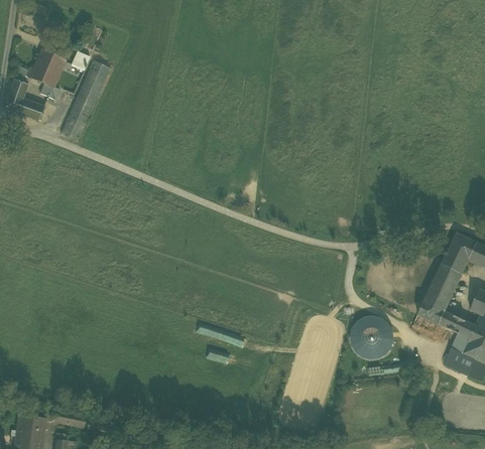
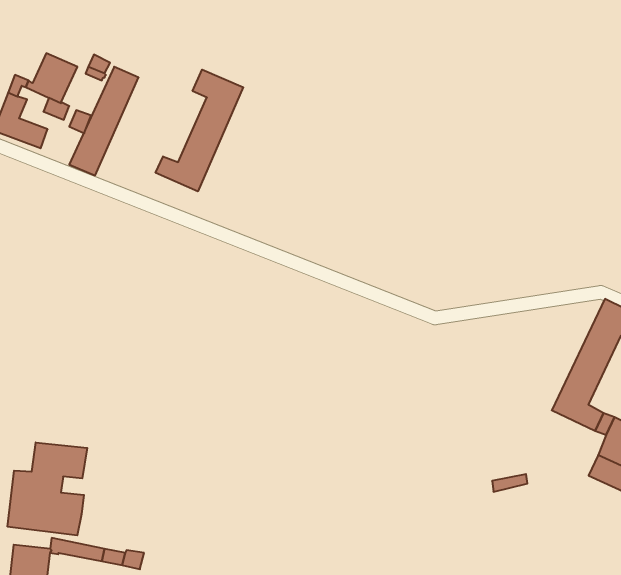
building: none -> [156,70,243,191]
building: [351,316,393,357] -> none
building: none -> [8,442,87,535]

